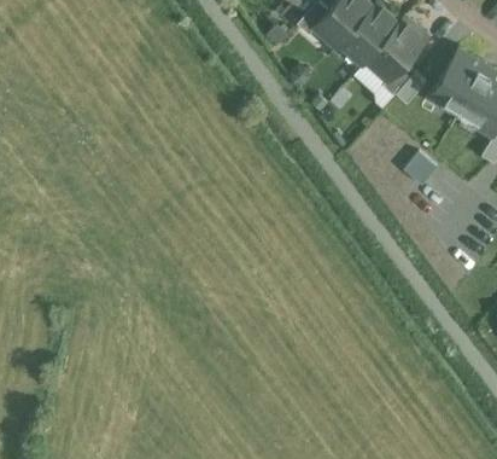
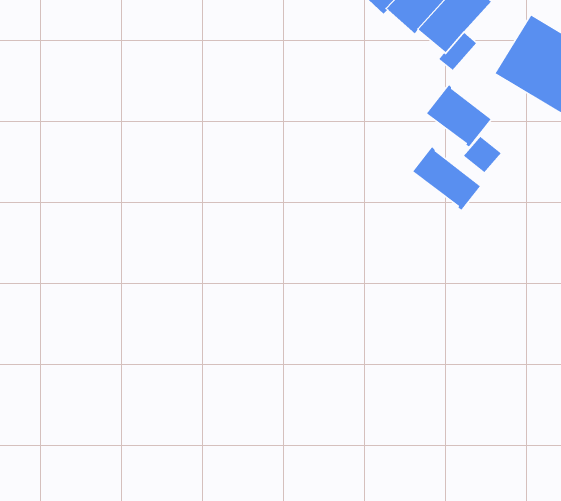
building: none -> [426,84,491,148]
building: none -> [412,146,480,211]

